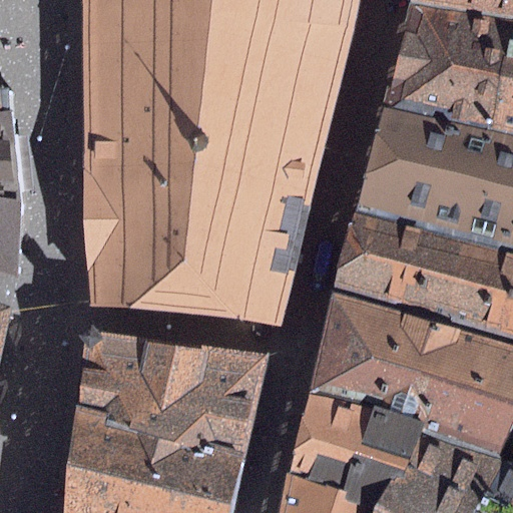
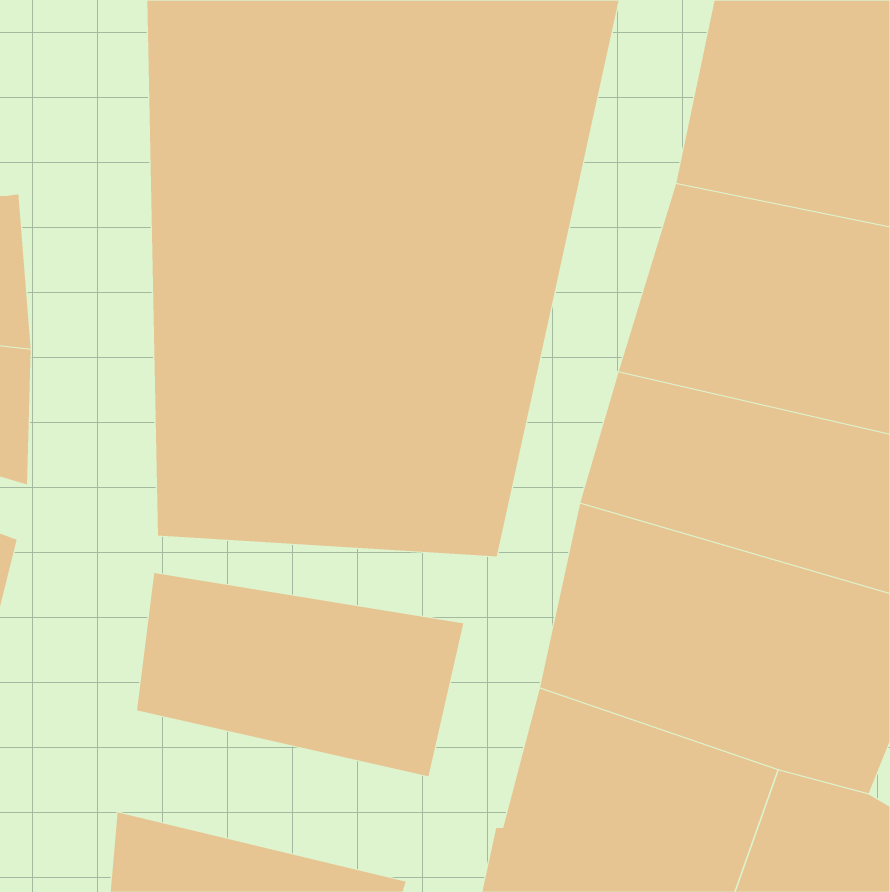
building: [67,408,246,506] -> none

